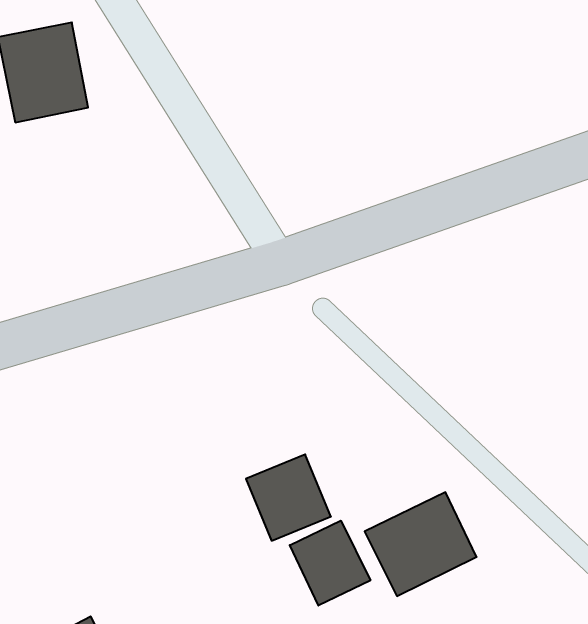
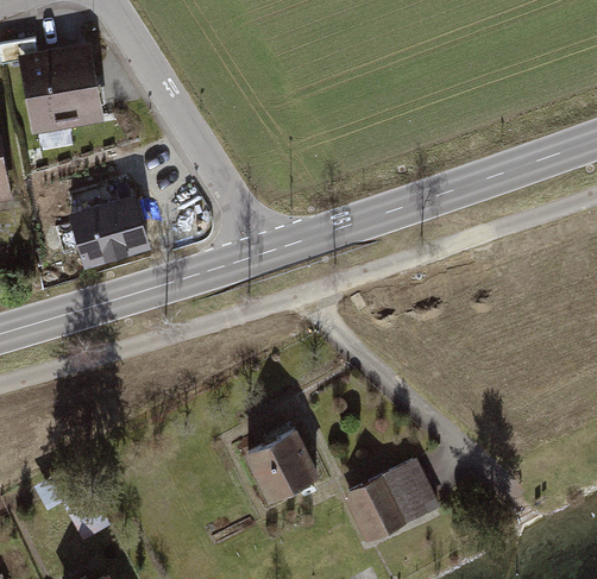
building: none -> [69,190,147,263]
building: [290,521,370,606] -> none

